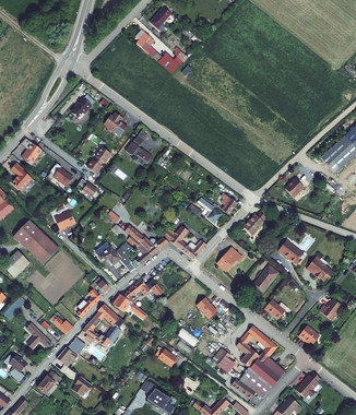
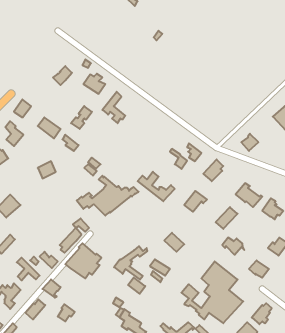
building: [135,34,187,75] -> none
building: [15,222,59,264] -> none
building: [114,280,152,318] -> [114,246,147,280]

